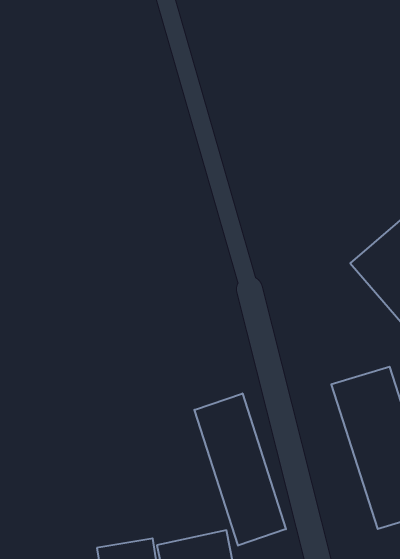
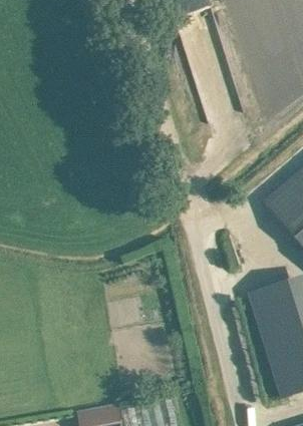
building: [194,393,286,546] -> none

